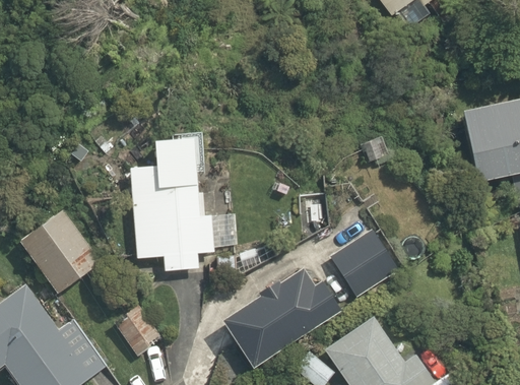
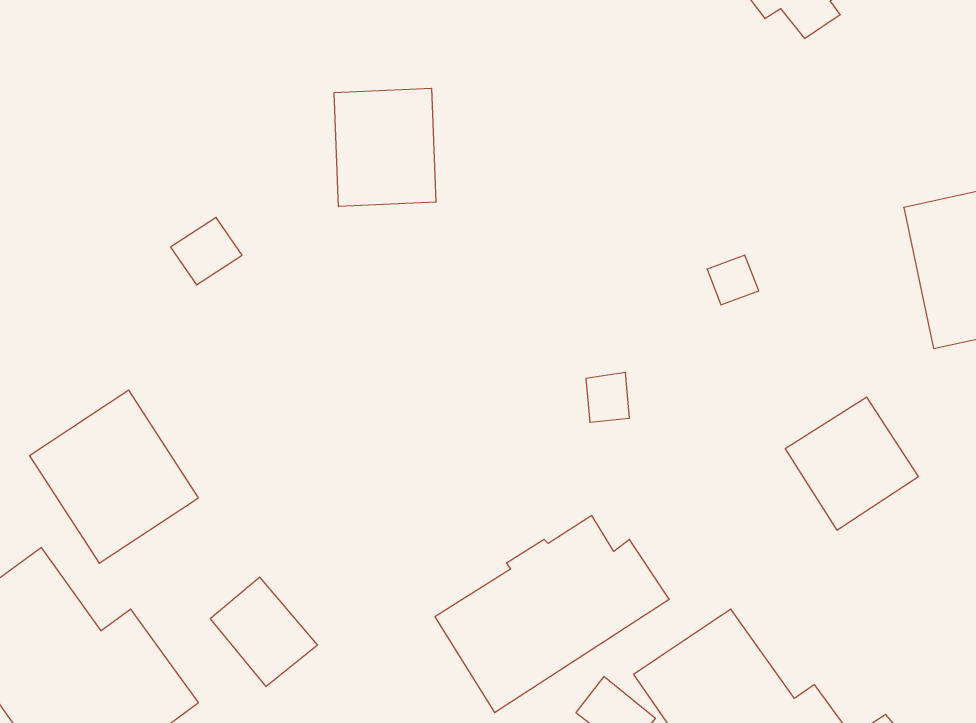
building: none -> [334,88,436,207]
building: [128,136,236,270] -> none
building: [332,230,400,298] -> [785,397,918,530]

